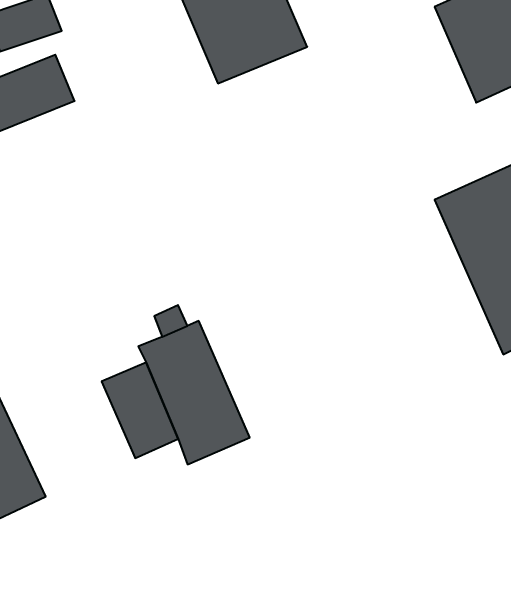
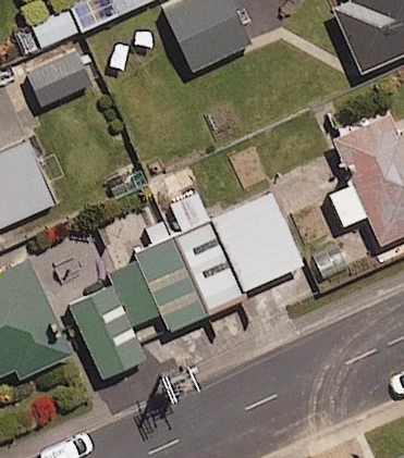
building: none -> [210,190,301,286]
building: none -> [69,283,146,375]

